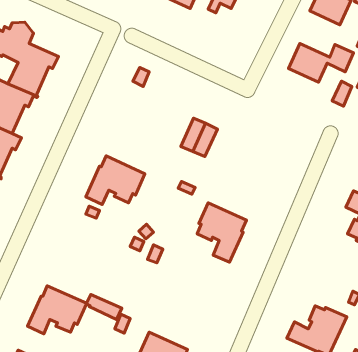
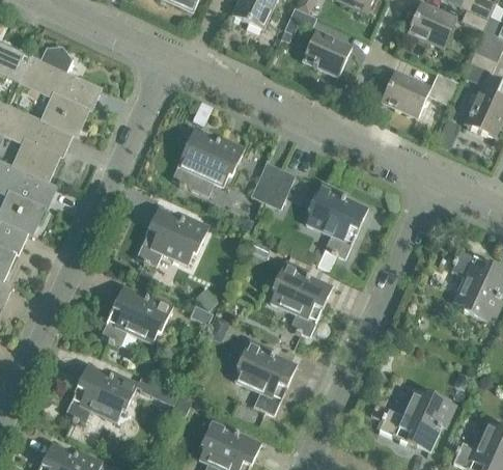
building: none -> [303,29,353,76]
building: none -> [171,129,243,195]
building: none -> [306,185,366,257]
building: none -> [101,282,172,344]
building: none -> [234,341,296,414]

